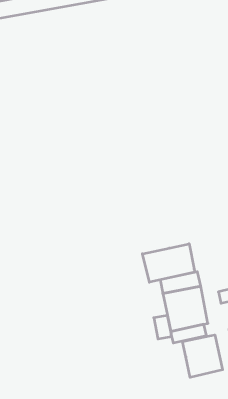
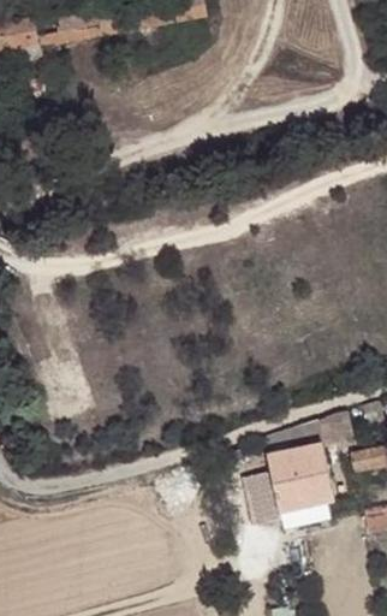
building: [142,244,195,282] -> none
building: [182,335,223,377] -> none

